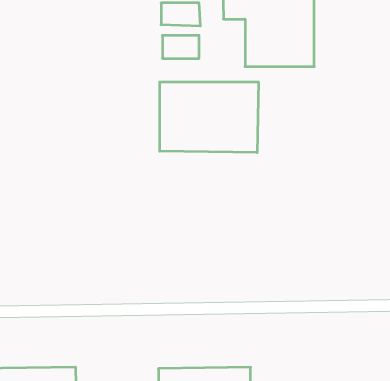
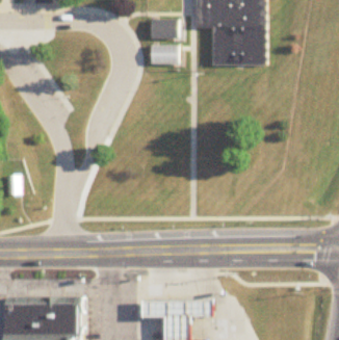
building: [160,82,258,153] -> none

